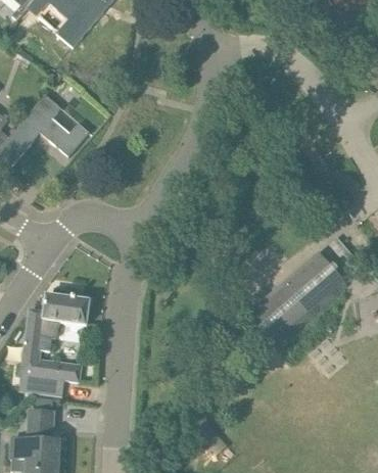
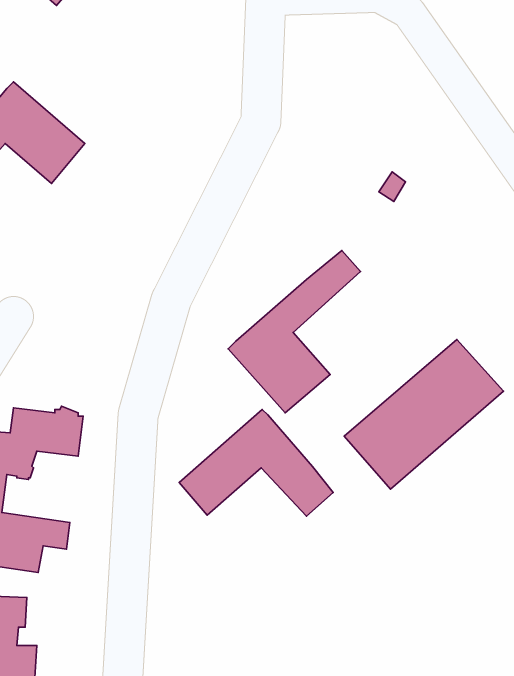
building: none -> [228,251,360,413]
building: none -> [179,410,333,516]

